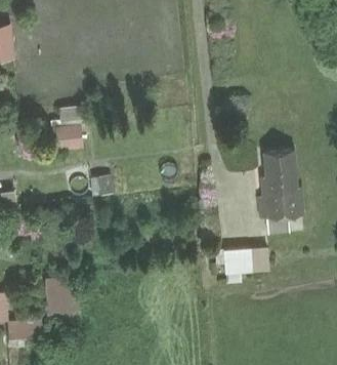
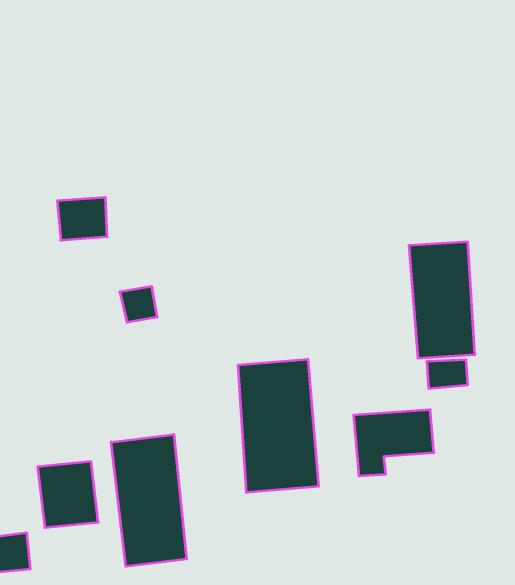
building: none -> [238,359,318,493]
building: none -> [111,434,187,566]

